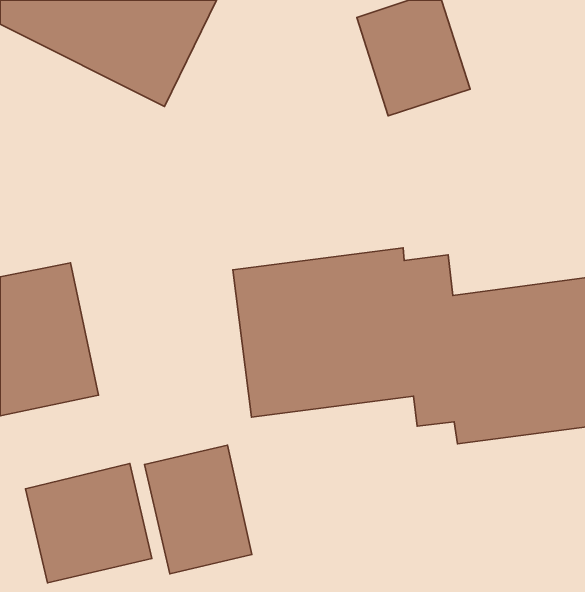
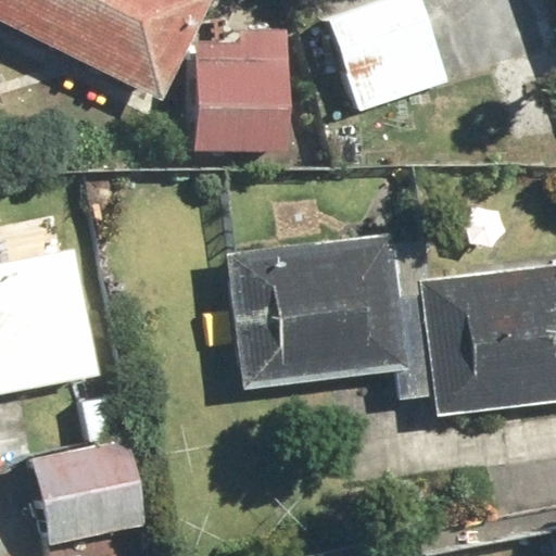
building: none -> [191,25,283,155]
building: [144,445,252,574] -> none

